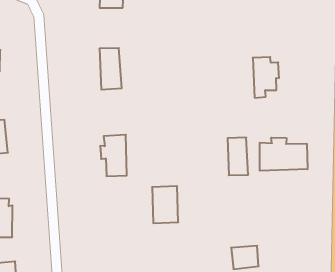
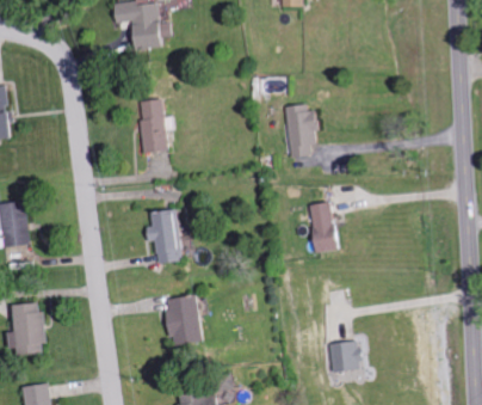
building: [253,57,279,98] -> [283,105,319,159]
building: [260,138,307,171] -> none
building: [152,186,178,223] -> [165,296,202,346]

